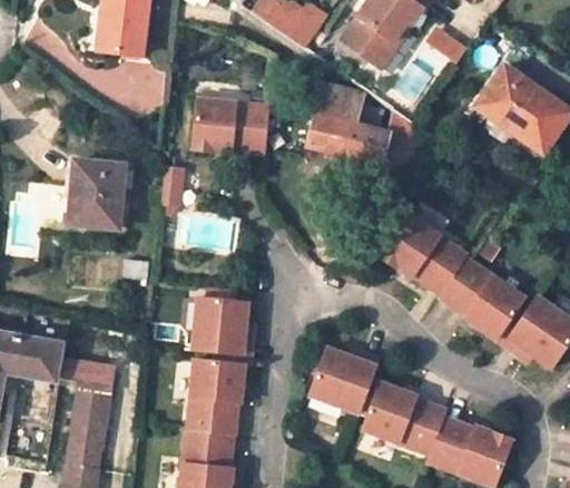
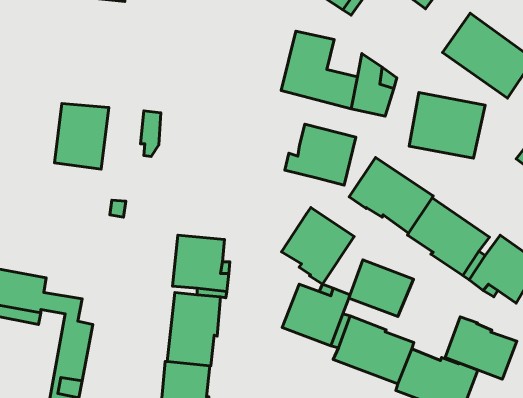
building: [191,98,269,152] -> none
building: none -> [409,92,485,158]
building: none -> [285,124,356,185]
building: none -> [281,207,354,284]
building: none -> [349,260,413,316]
building: none -> [445,317,517,379]

